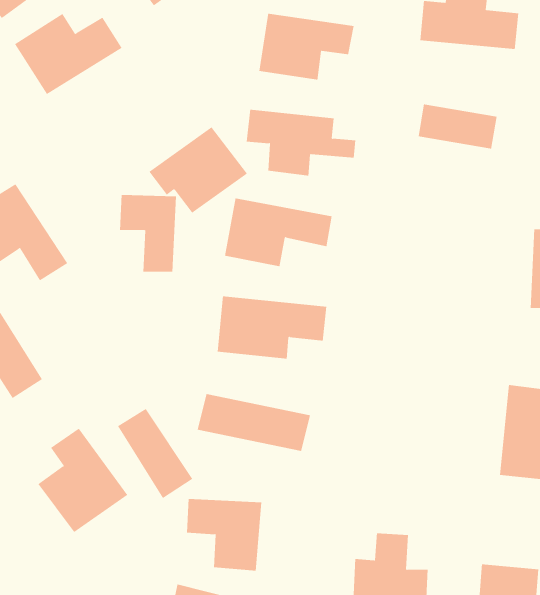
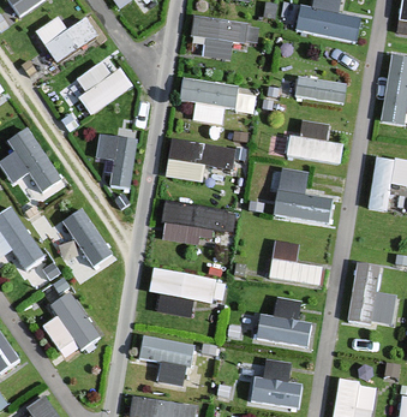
building: [148,127,248,213] -> [61,58,127,115]
building: none -> [288,123,342,161]
building: none -> [274,168,334,226]
building: none -> [269,242,322,285]
building: [117,408,193,499] -> [62,208,113,268]
building: none -> [255,298,312,347]

